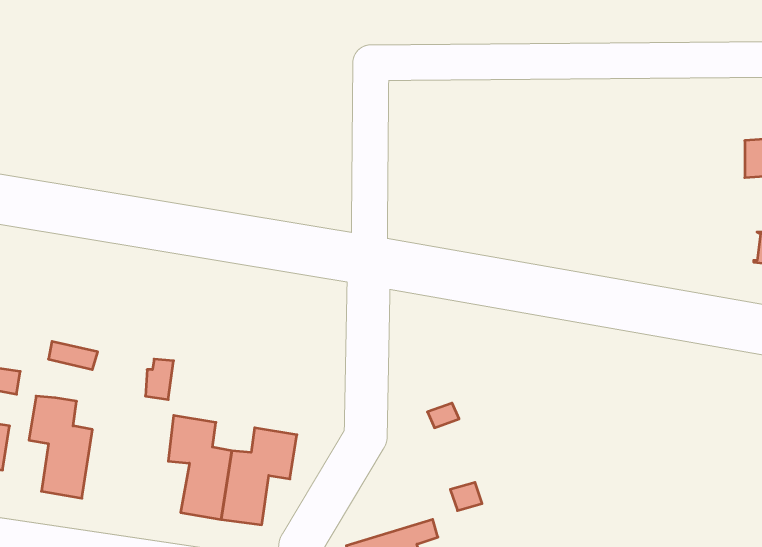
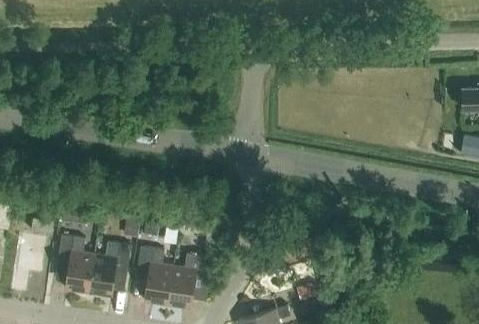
building: none -> [88,241,131,296]

